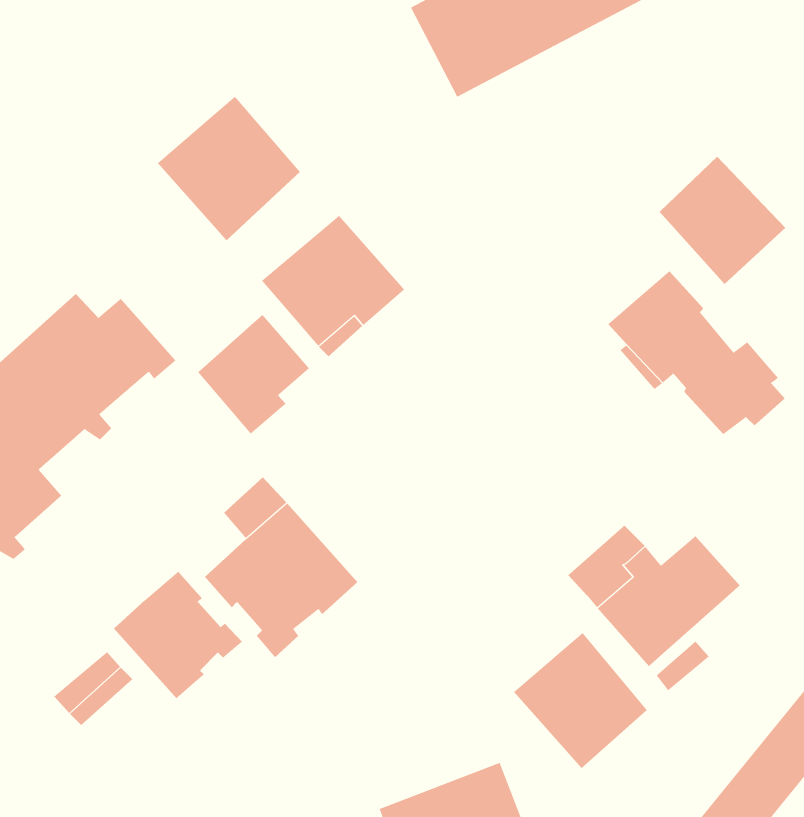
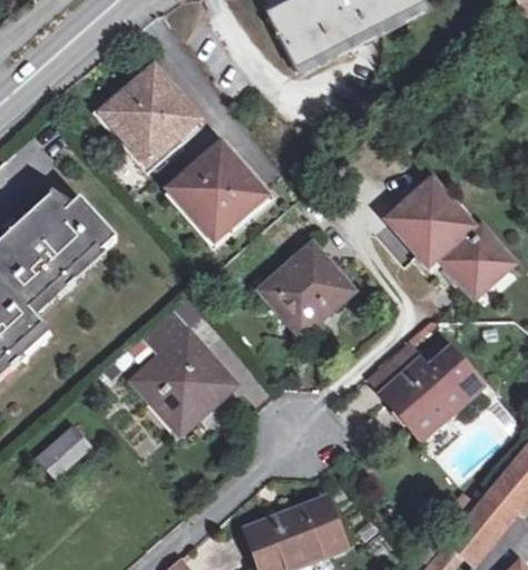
building: [659,156,786,285] -> none
building: [198,314,310,435] -> none
building: none -> [261,247,353,335]
building: [113,571,243,699] -> none
building: [513,632,647,769] -> none

